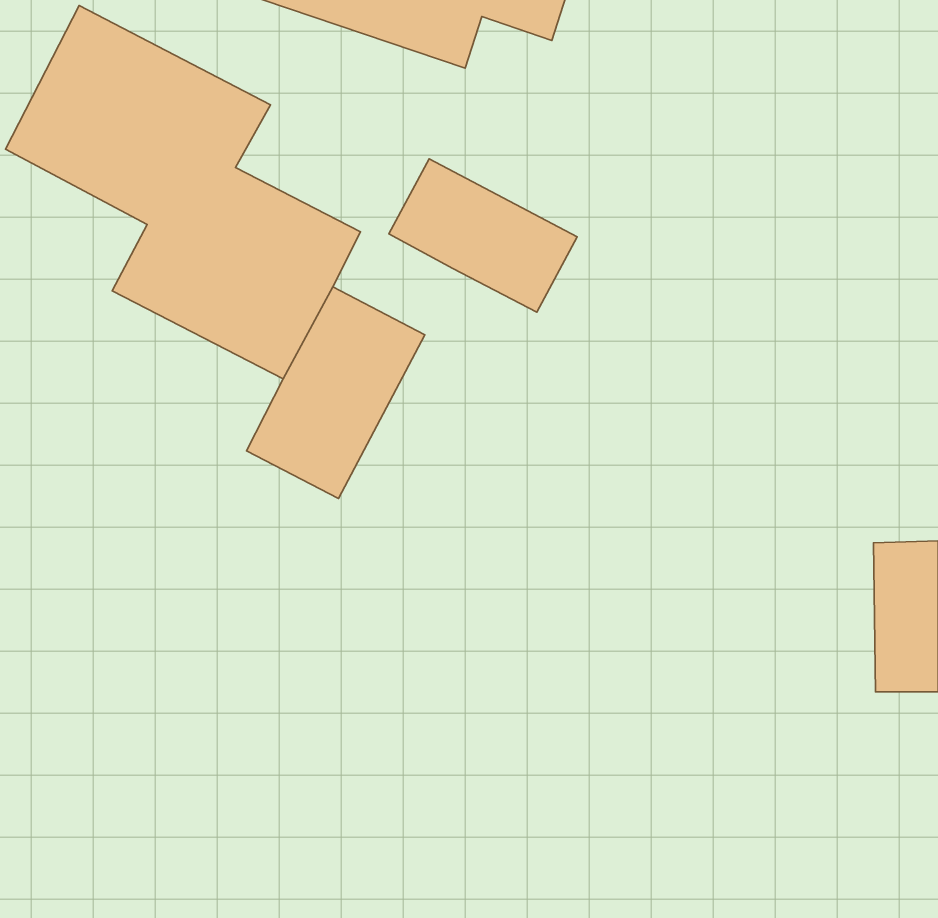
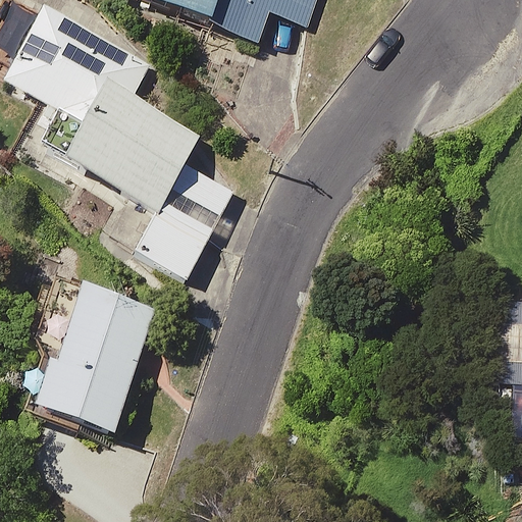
building: [389,159,577,312] -> none
building: none -> [33,279,155,432]

